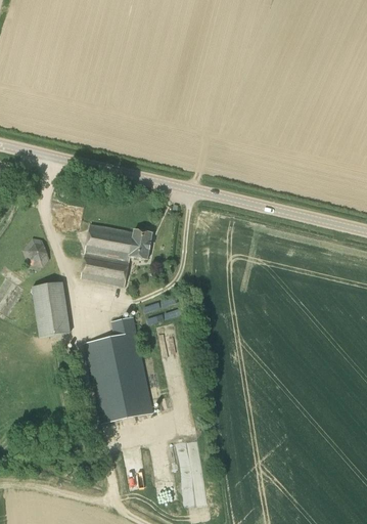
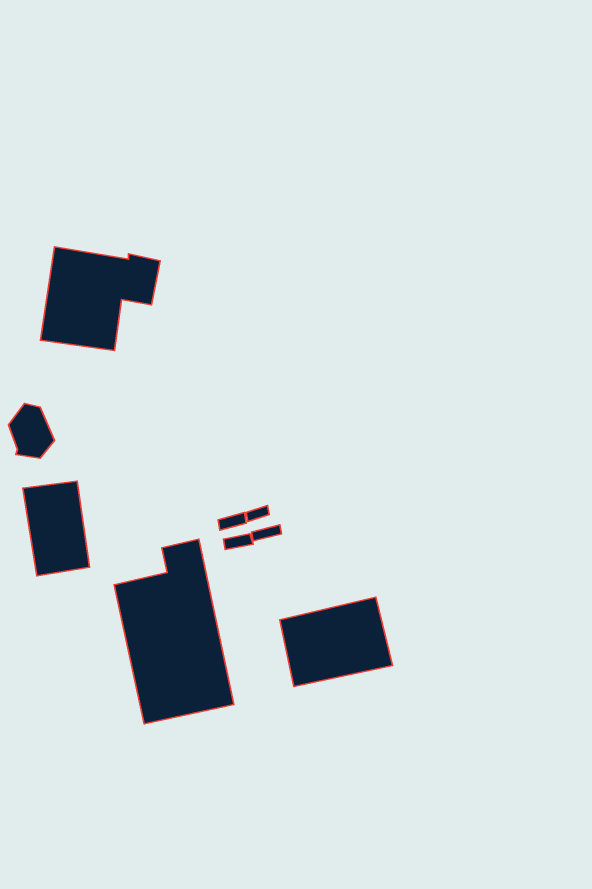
building: [82,224,151,285] -> [41,247,160,351]
building: none -> [280,597,392,687]

